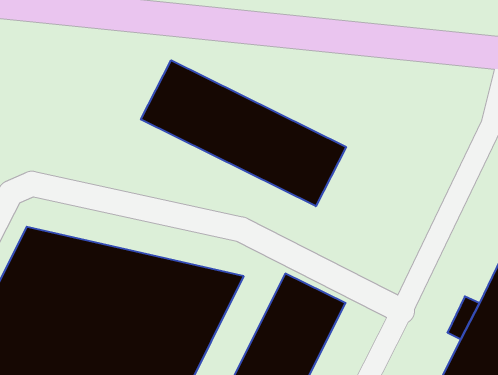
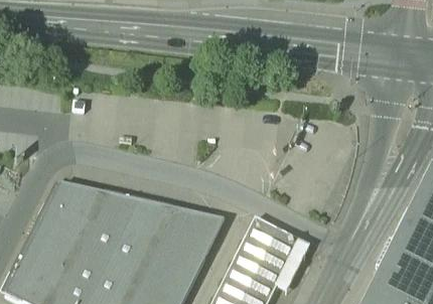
building: [141,60,346,206] -> none

